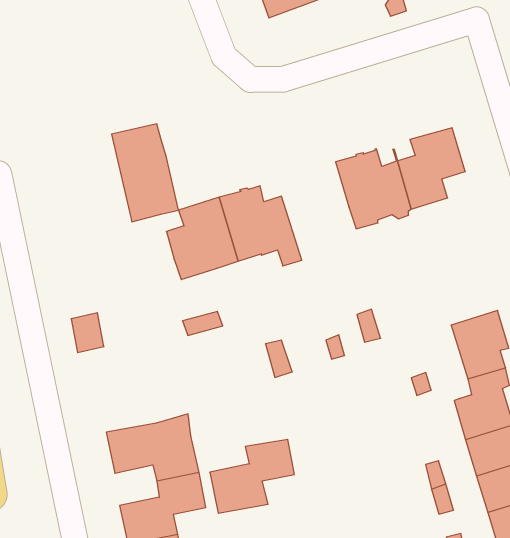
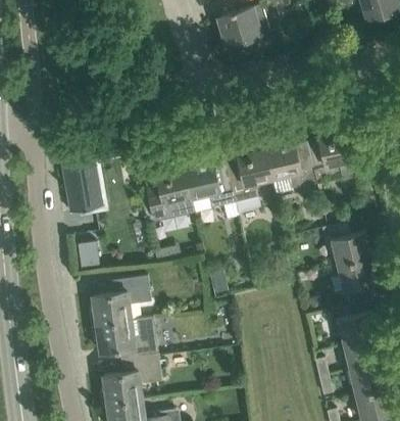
building: [112,124,179,222] -> [59,147,102,214]
building: none -> [224,148,272,215]
building: none -> [320,223,370,266]
building: [210,439,294,513] -> [92,277,150,325]

